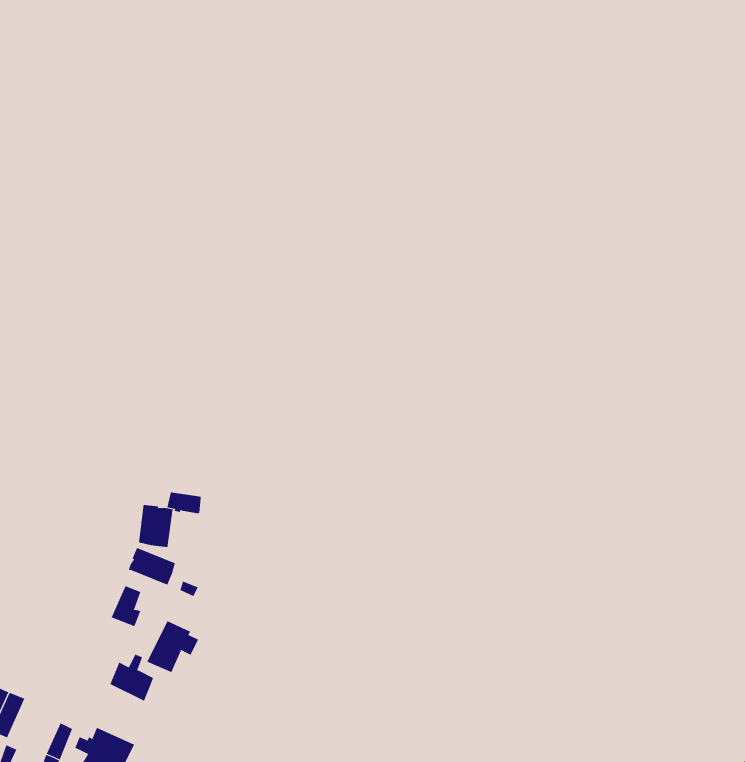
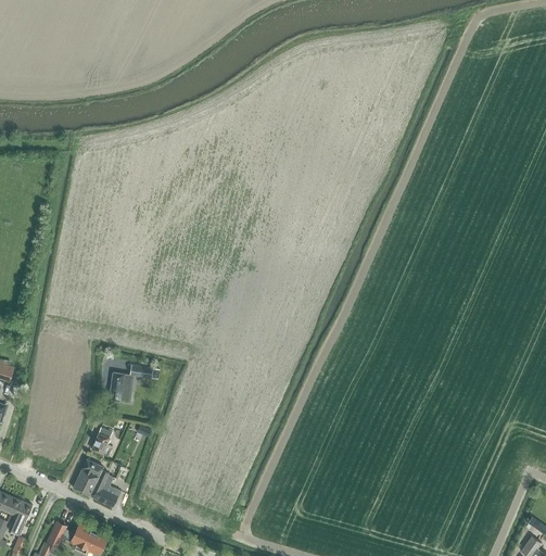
building: [128,547,175,585] -> none
building: [146,620,199,673] -> [72,459,107,495]

